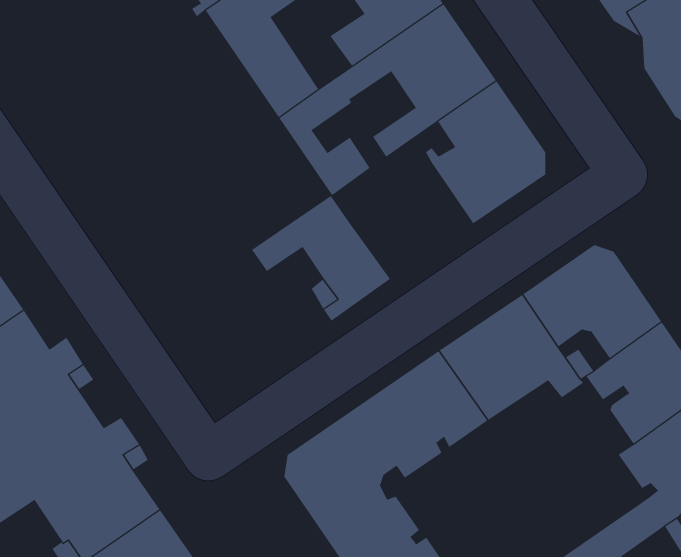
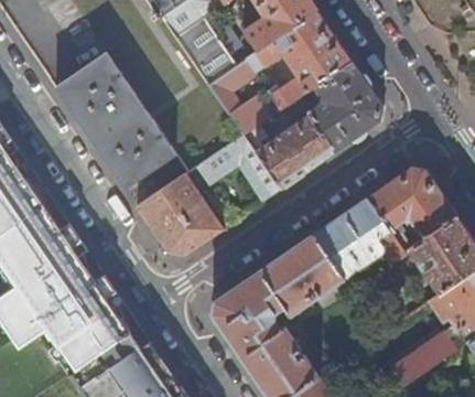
building: none -> [54,51,176,187]
building: none -> [255,112,334,186]
building: none -> [136,173,222,254]

